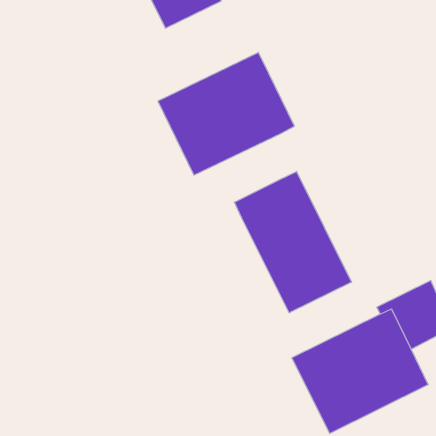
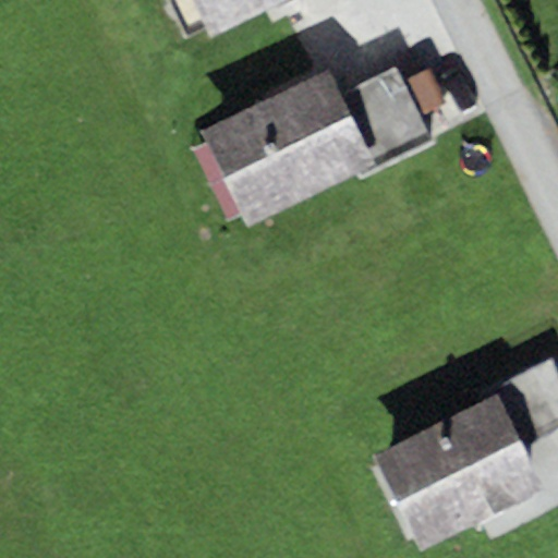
building: none -> [344,65,437,180]
building: [234,171,352,313] -> none

